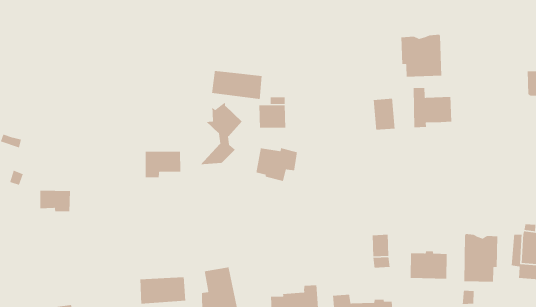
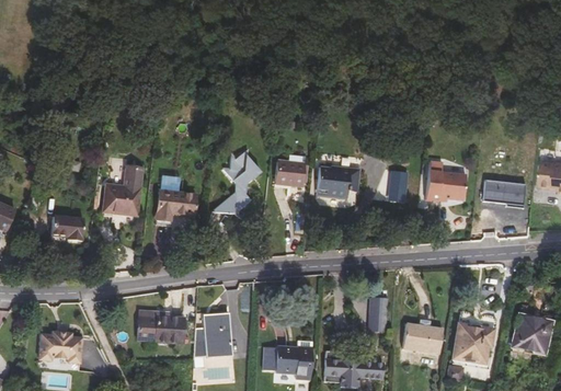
building: [401,34,442,78] -> none
building: [211,70,263,100] -> none
building: none -> [483,176,526,205]
building: none -> [104,166,141,214]
building: [255,147,298,182] -> [317,158,360,194]

